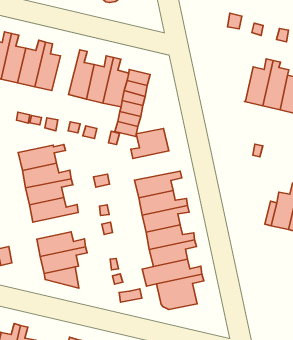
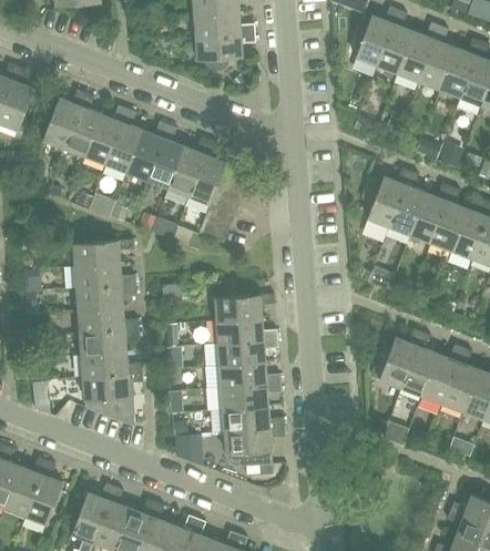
building: none -> [125,122,167,180]
building: [131,129,169,158] -> none
building: none -> [79,329,139,356]

